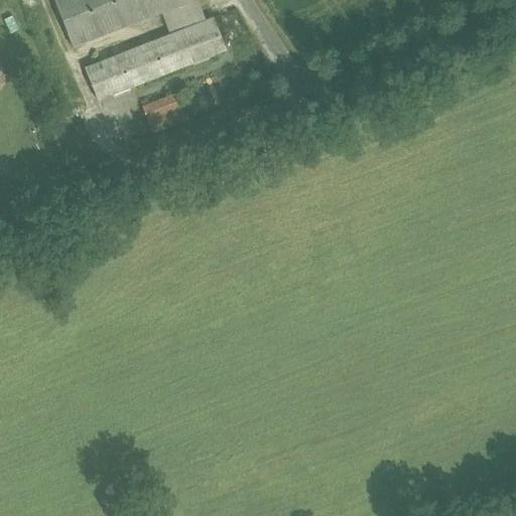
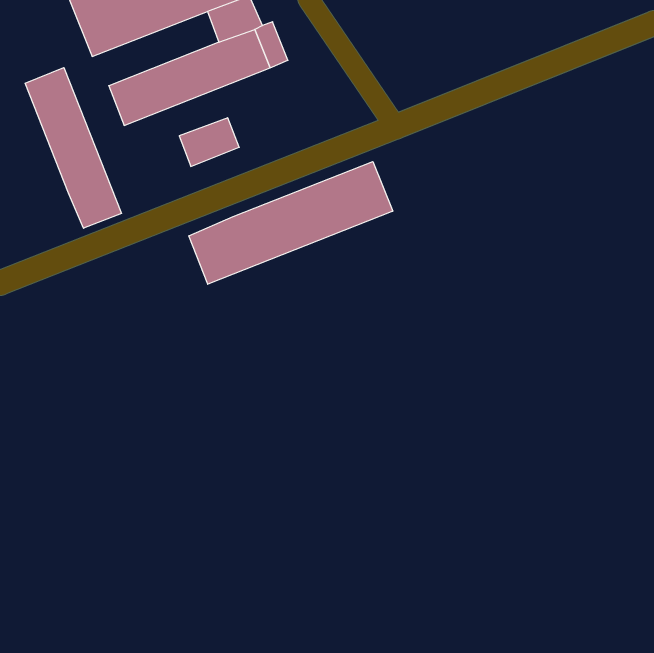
building: none -> [25,68,122,228]
building: none -> [189,162,393,284]

